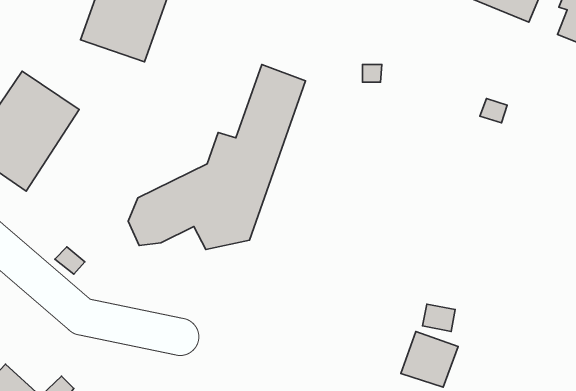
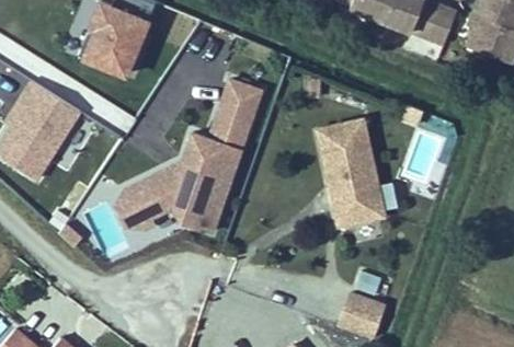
building: none -> [320,116,387,223]

